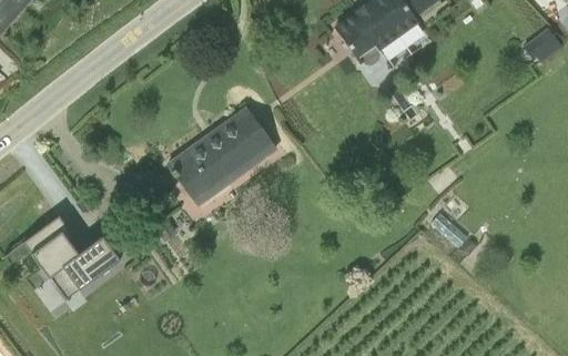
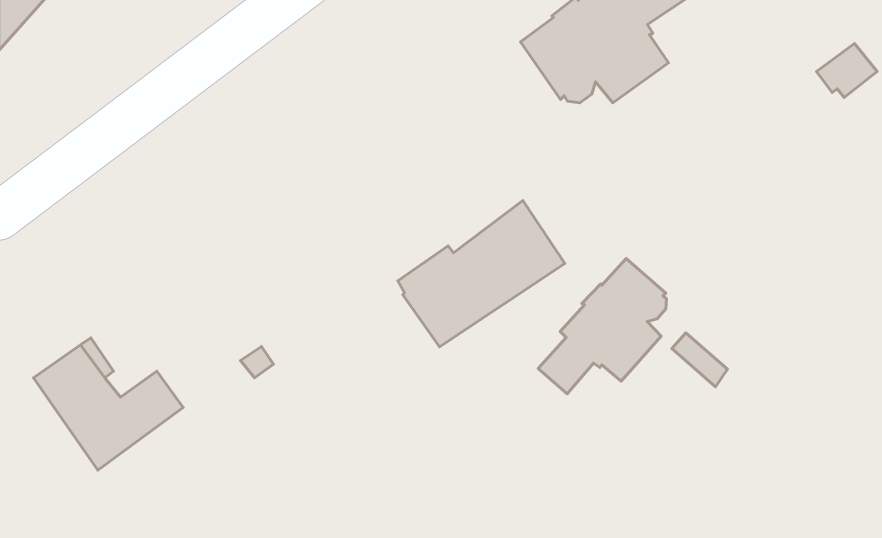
building: [169,112,275,205] -> [398,201,565,347]
building: none -> [538,259,666,394]

